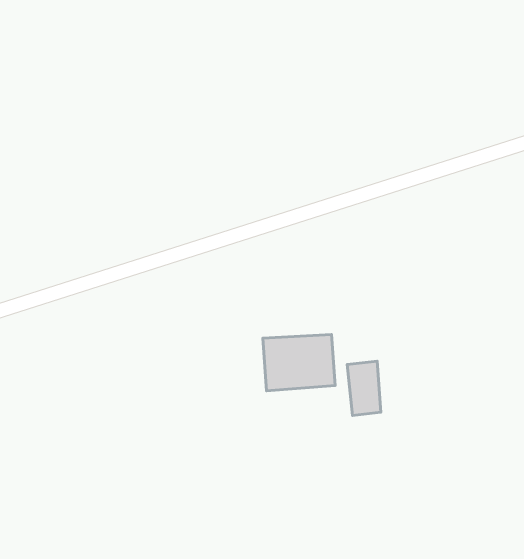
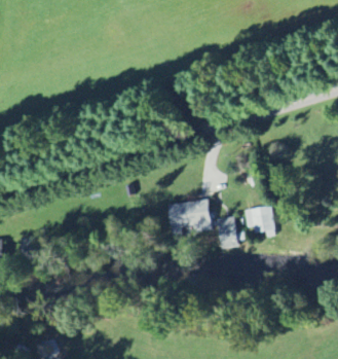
building: none -> [245,206,274,231]

